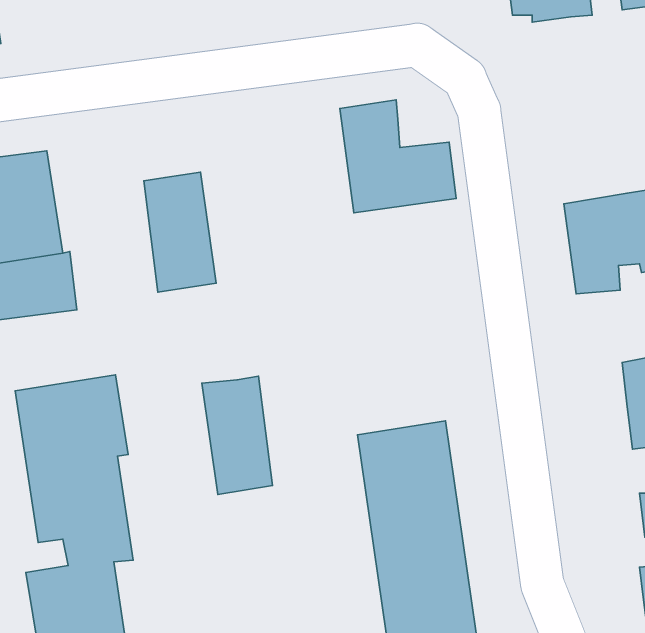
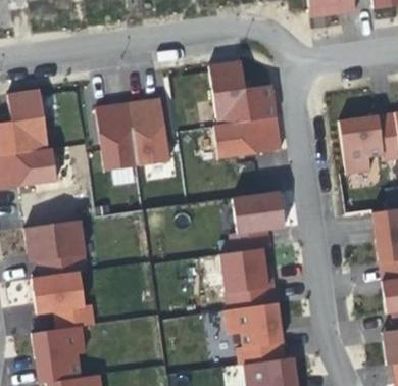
building: none -> [214,117,283,158]
building: none -> [232,192,286,235]
building: [202,376,273,494] -> [130,98,170,166]

